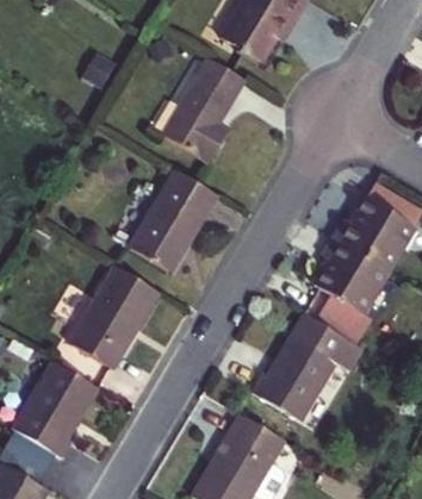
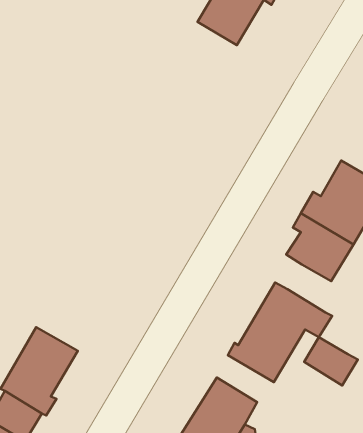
building: [161,58,243,161] -> none
building: [131,173,218,273] -> none
building: [69,267,157,368] -> none
building: [316,295,373,347] -> [304,337,358,385]

